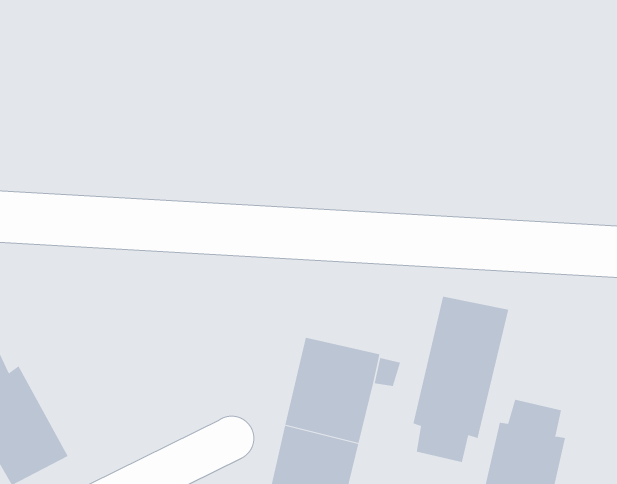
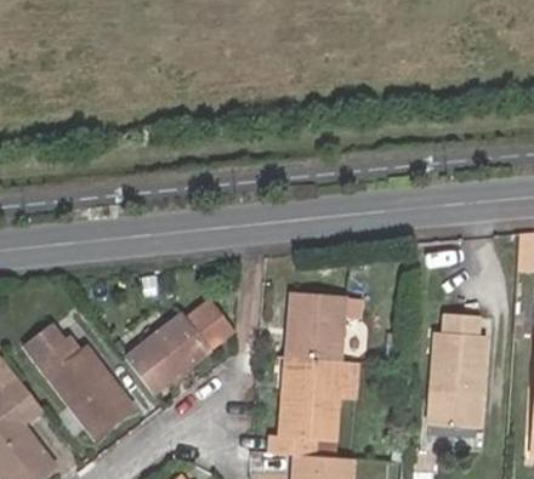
building: [413,296,509,463] -> none
building: none -> [124,304,227,393]

